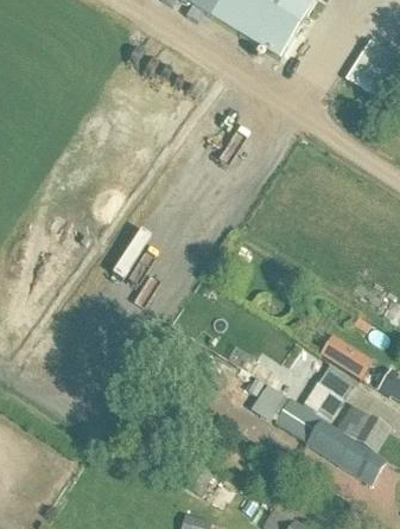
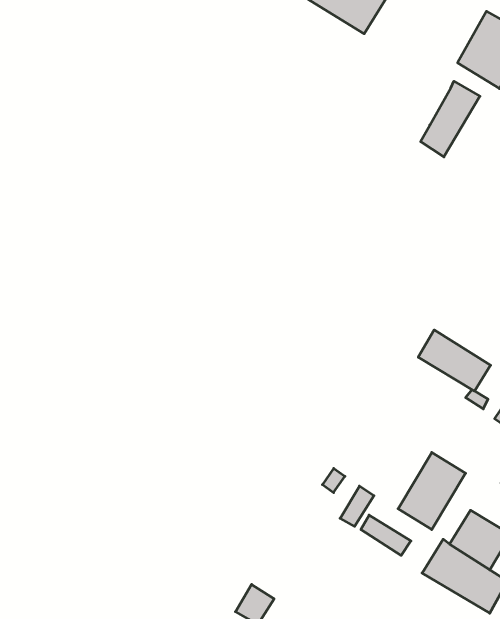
building: none -> [421,81,480,157]
building: [319,336,373,381] -> [418,330,491,391]

